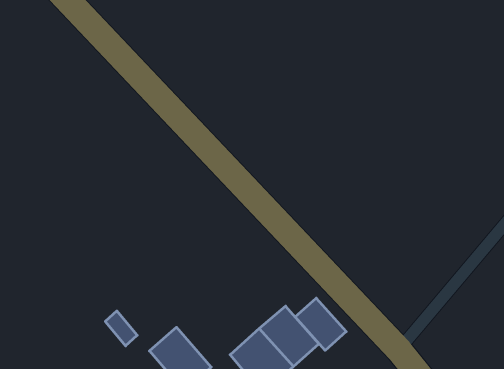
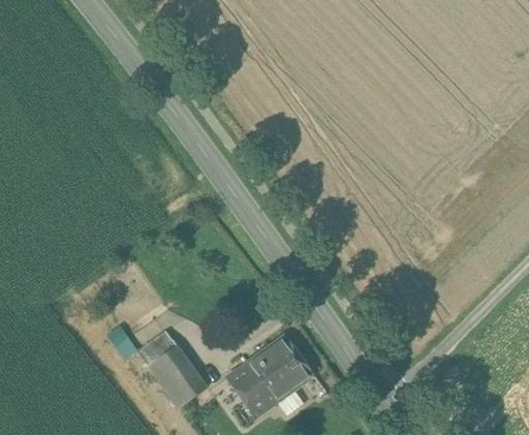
building: [295,298,346,350] -> none
building: none -> [137,331,177,365]

